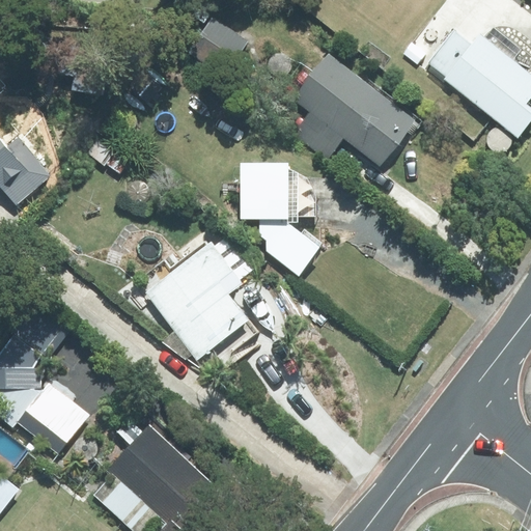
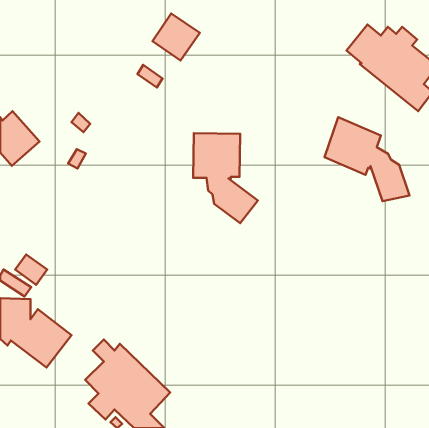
building: [294,54,419,166] -> none
building: none -> [324,117,410,201]
building: [146,244,248,359] -> none

